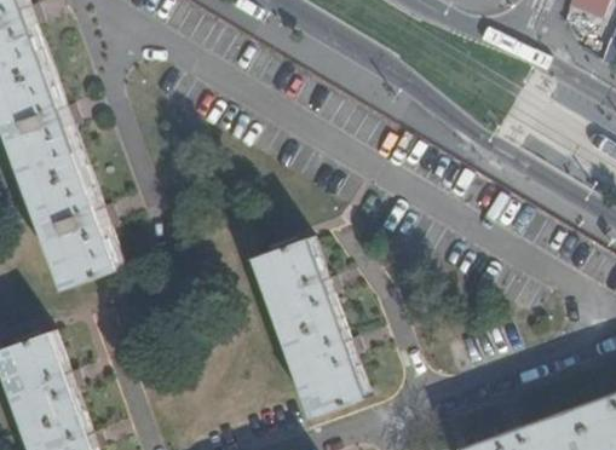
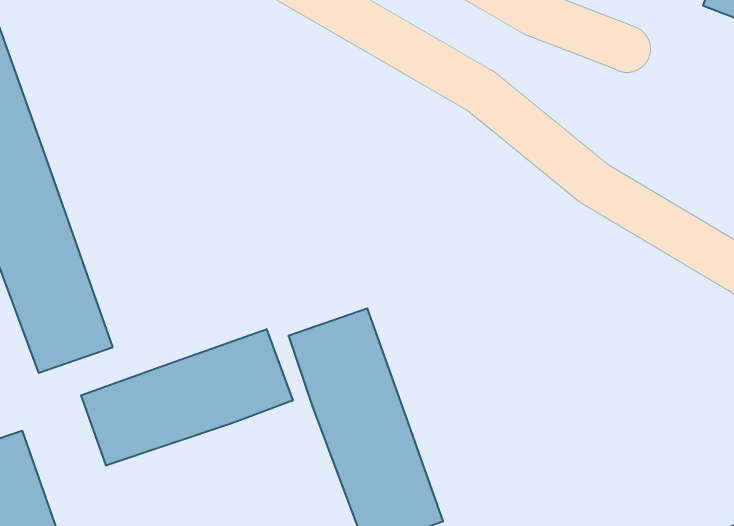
building: none -> [81,329,293,466]

